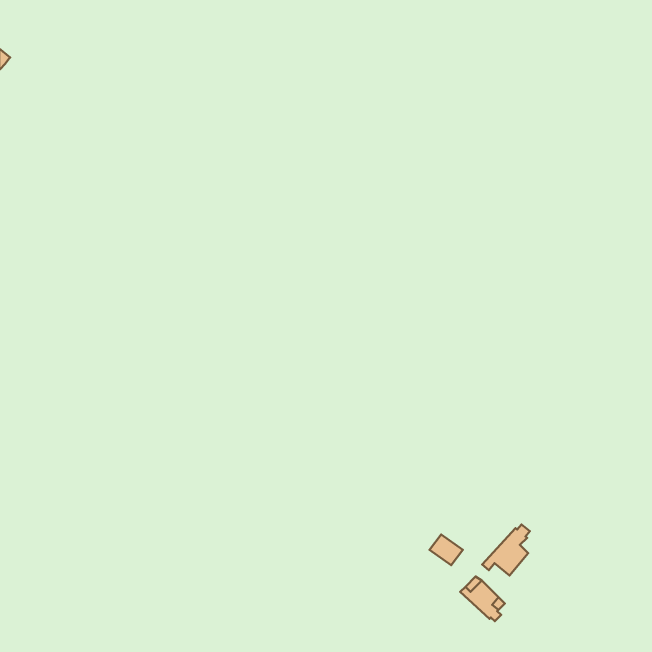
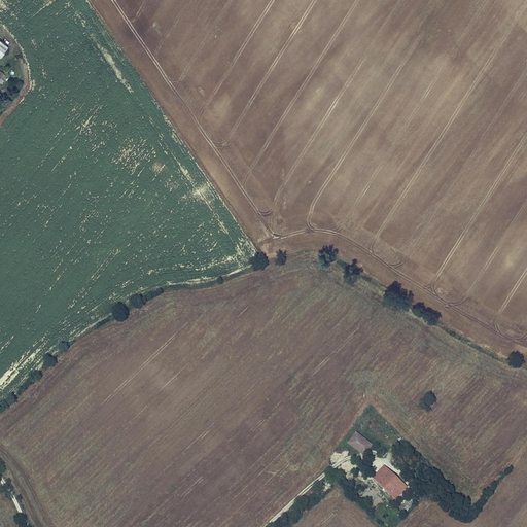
building: [482,524,530,576] -> none

